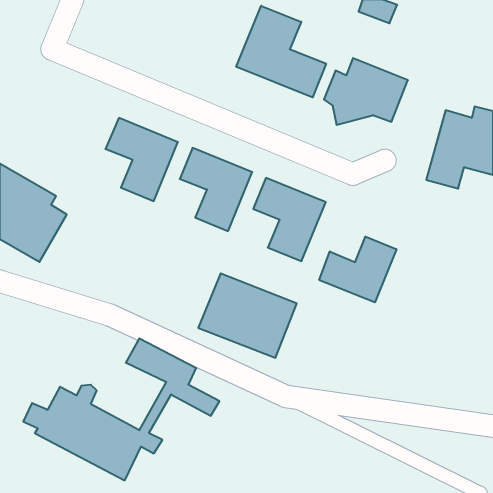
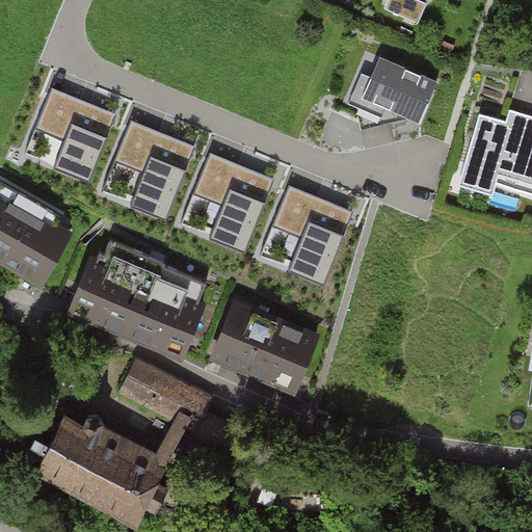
building: [236,6,326,97] -> none
building: none -> [34,92,113,179]
building: none -> [73,239,206,345]
building: [319,237,396,302] -> none

